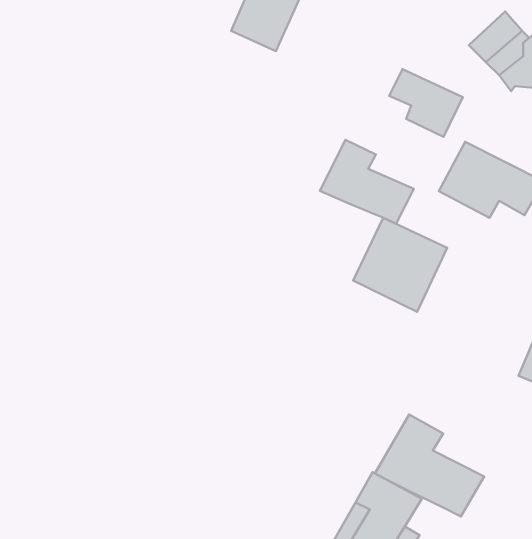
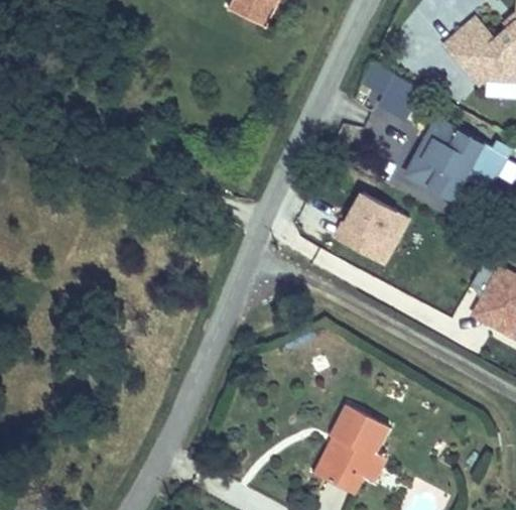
building: [320,140,414,224] -> none
building: [375,415,484,517] -> none

